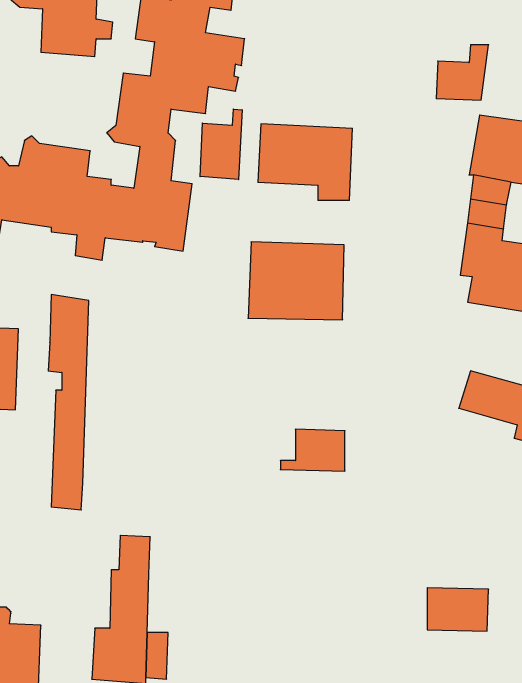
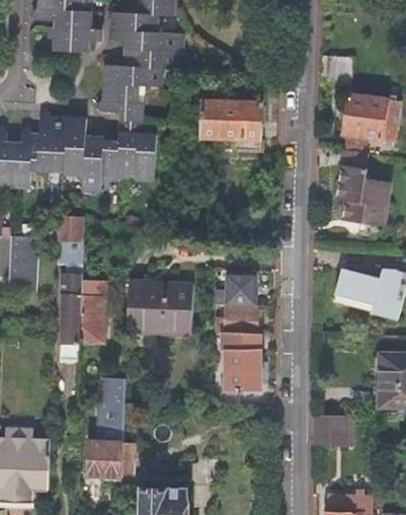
building: [200,109,242,180] -> none
building: [248,242,344,320] -> [128,282,192,335]
building: none -> [227,274,257,302]
building: none -> [80,281,106,343]
building: none -> [214,334,261,389]

